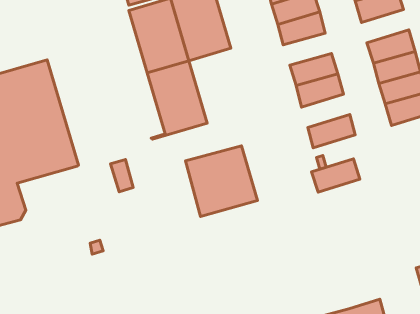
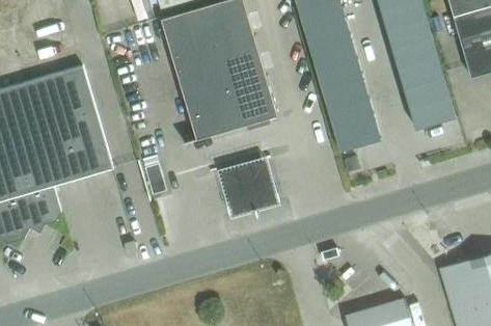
building: none -> [386,18,432,50]
building: none -> [310,40,357,72]
building: none -> [219,55,277,128]
building: [312,159,360,192] -> [328,100,375,132]

